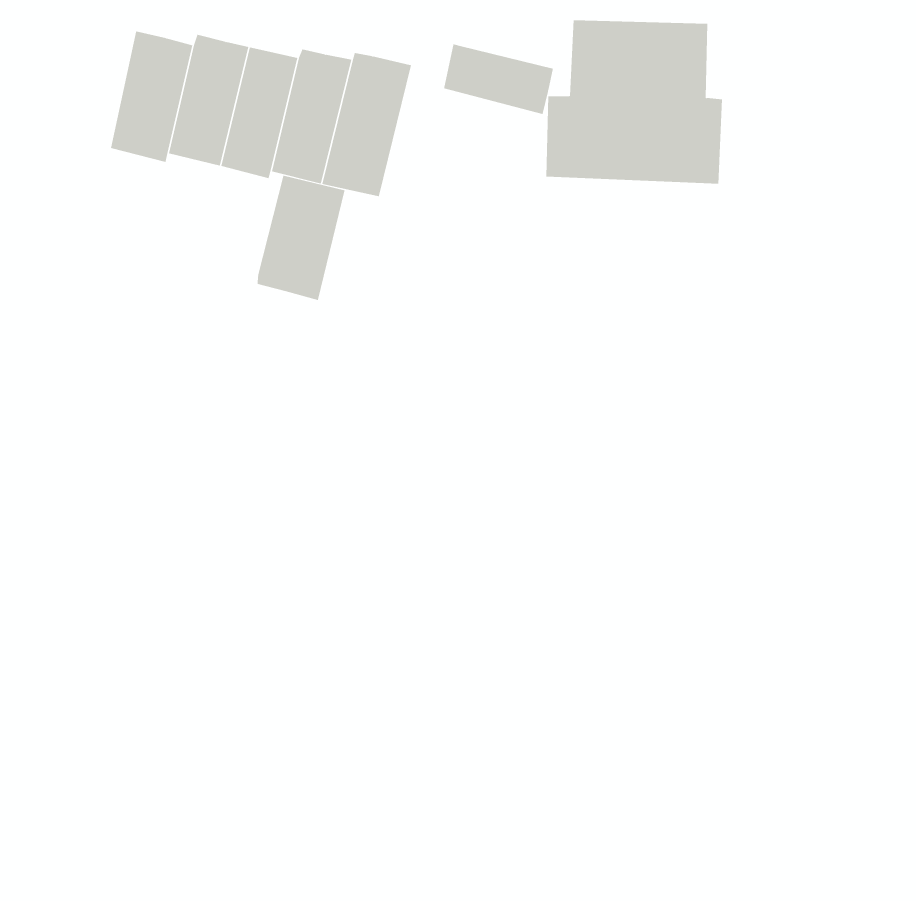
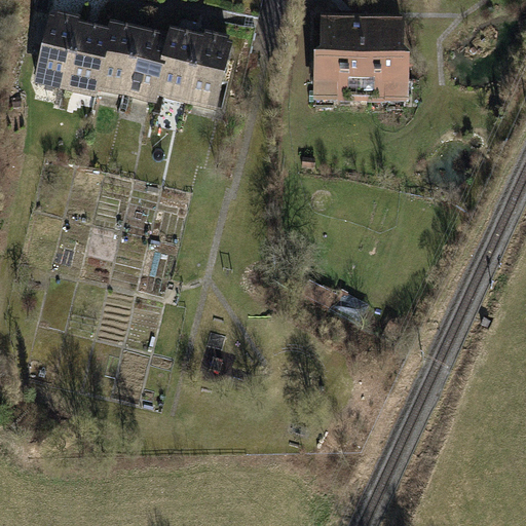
building: none -> [31,10,77,84]
building: [443,43,553,115] -> none
building: [257,175,345,301] -> none

